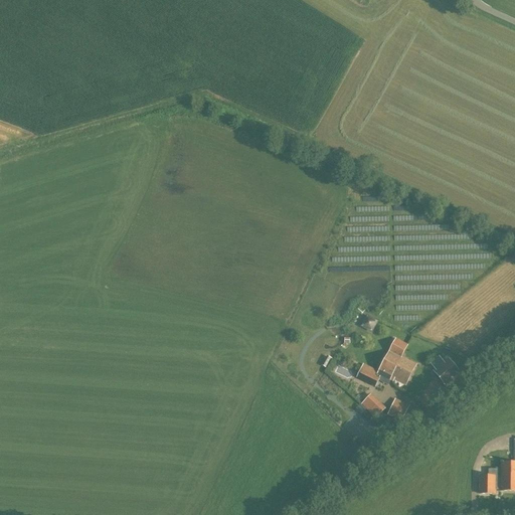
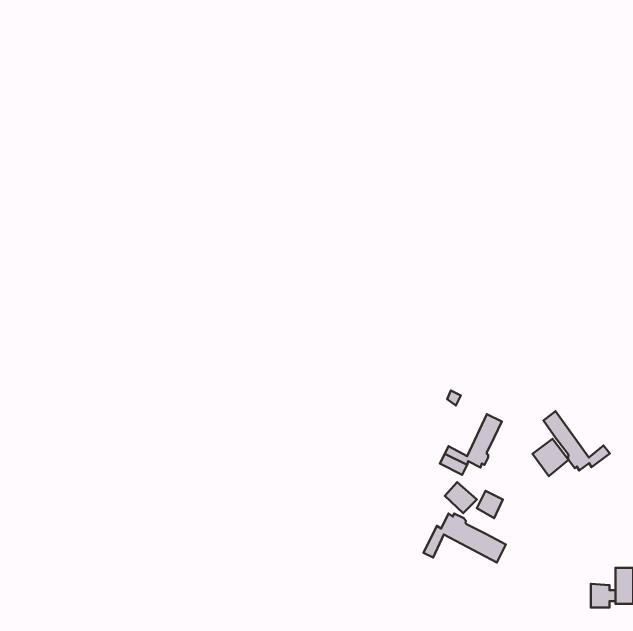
building: none -> [543,411,610,471]
building: [393,355,416,383] -> none
building: none -> [423,513,506,562]

